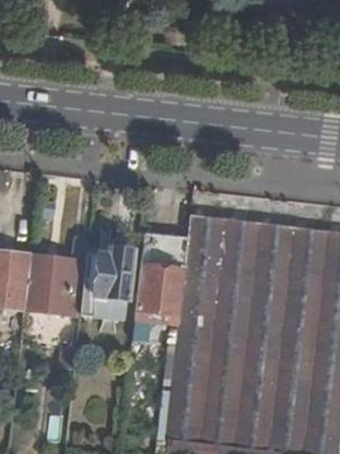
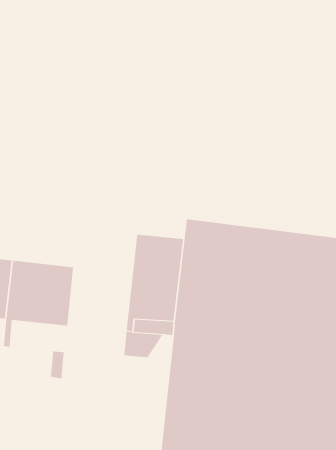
building: [83,247,133,318] -> none

